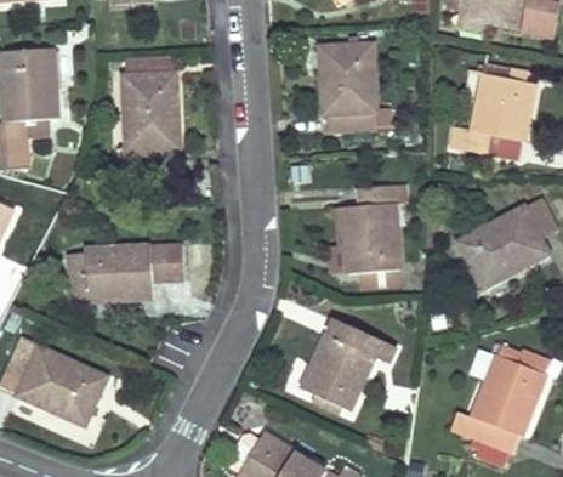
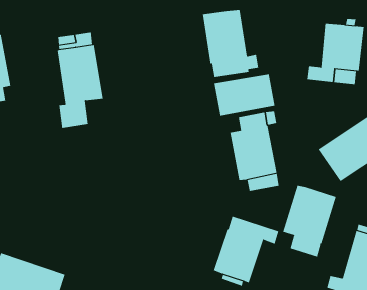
building: none -> [213,73,275,117]
building: [67,244,183,300] -> none
building: none -> [283,185,336,257]

